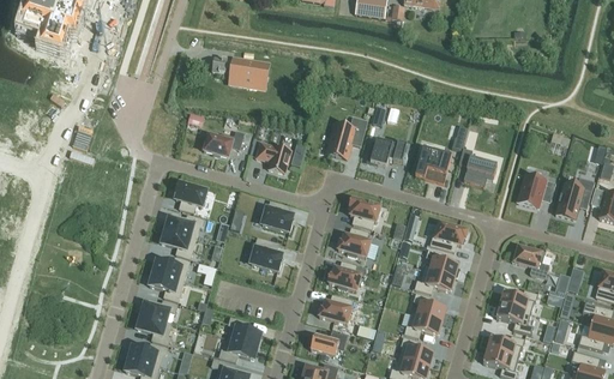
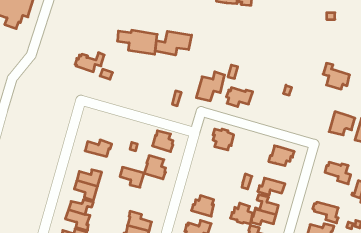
building: none -> [155,31,192,55]
building: [203,130,245,157] -> [75,53,104,72]
building: [255,140,291,173] -> none
building: [415,146,452,182] -> none
building: [458,148,496,185] -> [323,63,350,89]
building: [176,182,206,212] -> none
building: [338,228,371,257] -> none
building: [162,229,197,258] -> [120,167,144,187]
building: [425,248,459,277] -> none
building: [329,260,361,290] -> [230,203,253,224]
building: [500,289,537,312] -> none

